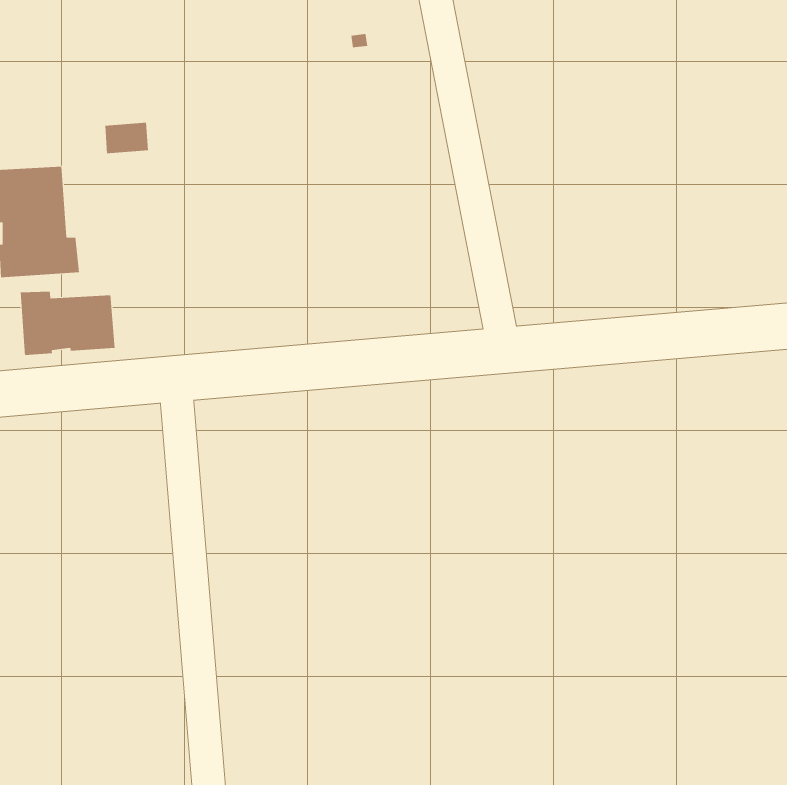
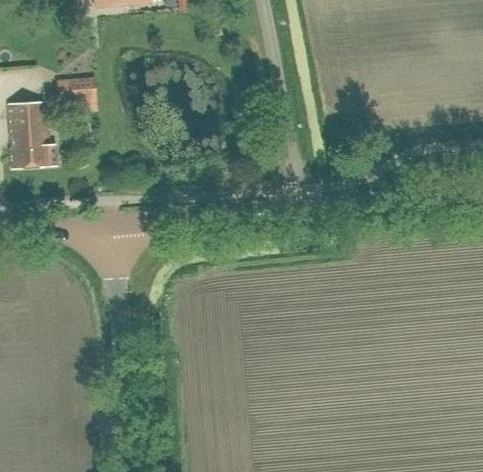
building: [20,291,115,356] -> none

